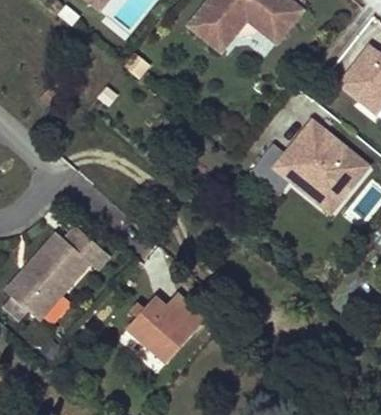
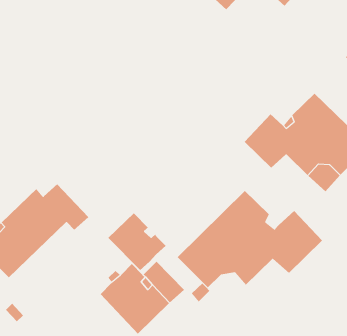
building: none -> [177,190,323,288]
building: none -> [107,212,166,271]

